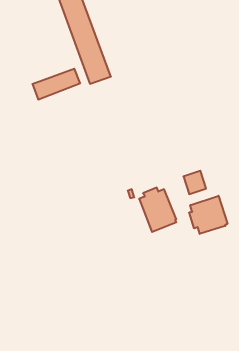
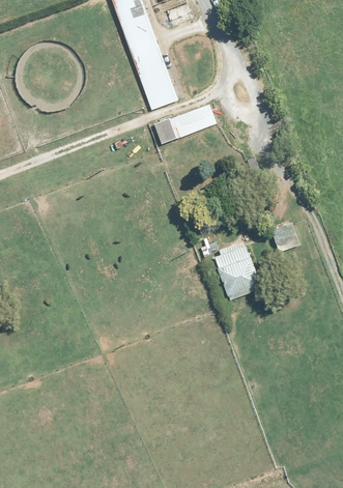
building: [32,69,80,99] -> [154,104,216,143]
building: [189,196,227,234] -> none

